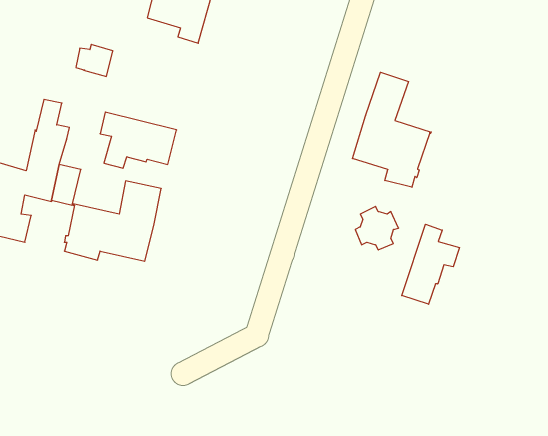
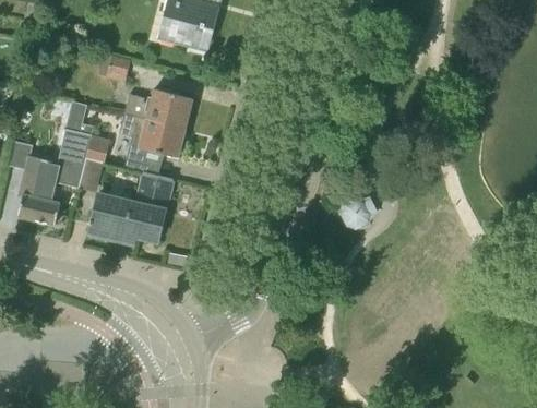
building: [352,72,431,187] -> none
building: none -> [124,87,193,128]
building: [402,224,459,304] -> none

